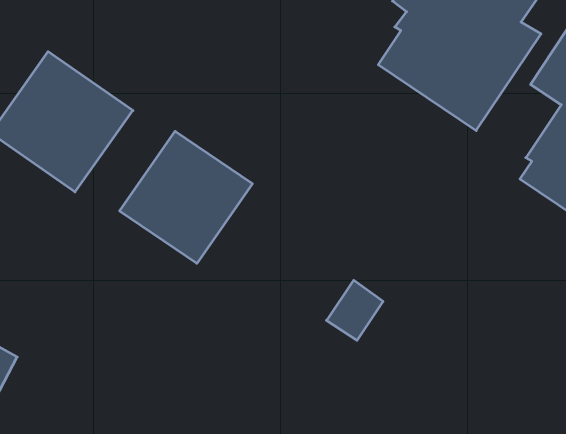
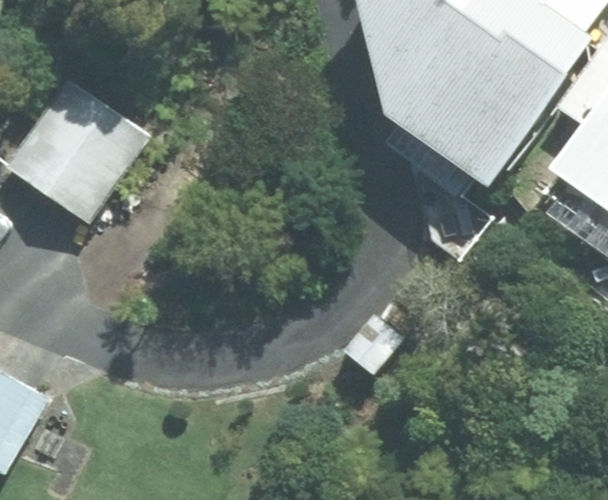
building: [120,131,252,263] -> none

